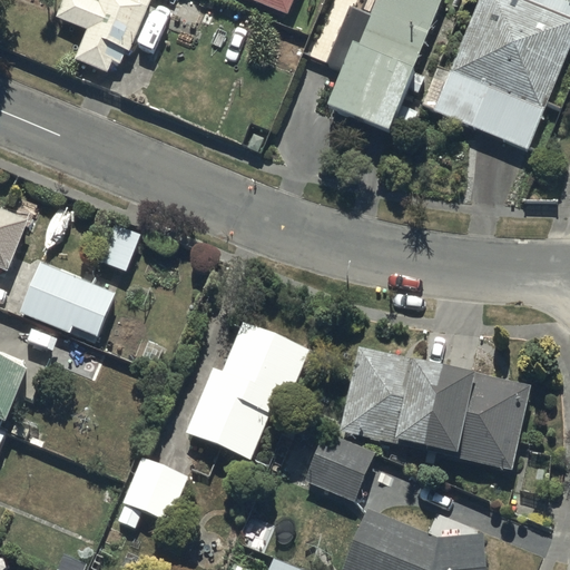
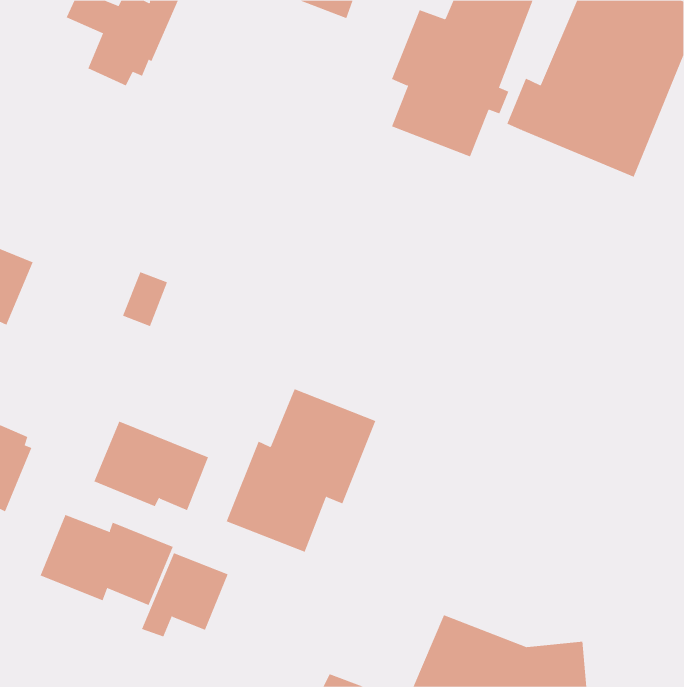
building: [18,262,114,336] -> [93,421,209,511]
building: [342,344,532,468] -> none
building: none -> [40,514,173,606]
building: [303,431,374,501] -> none

